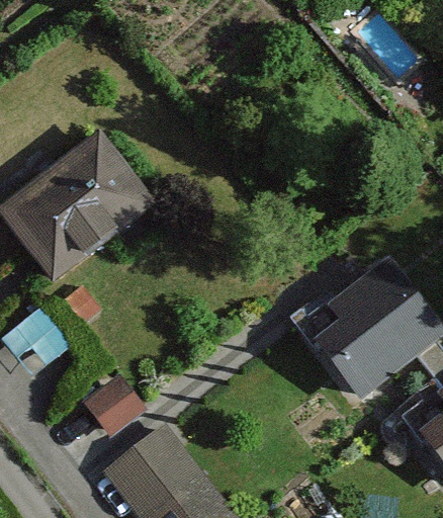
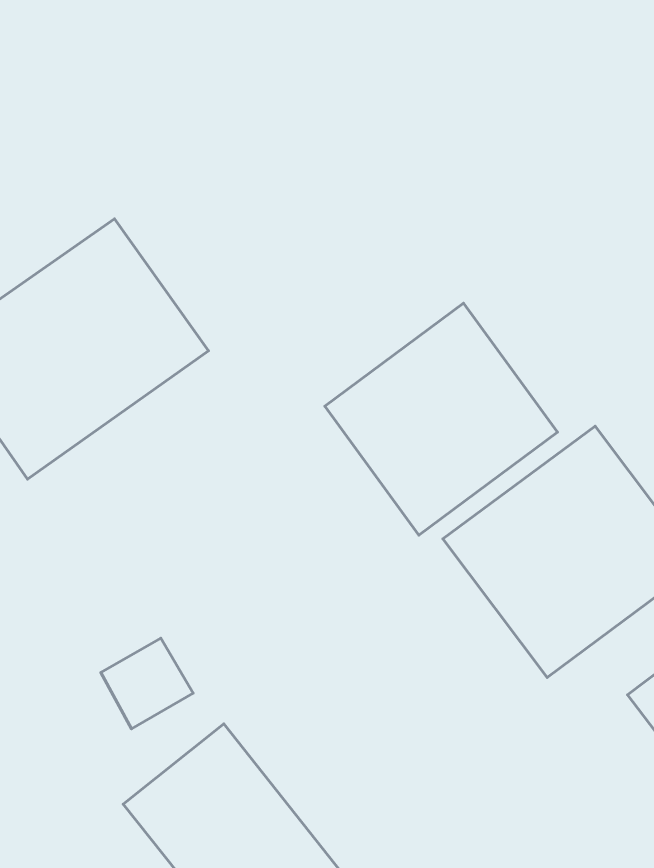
building: none -> [325,303,557,535]

